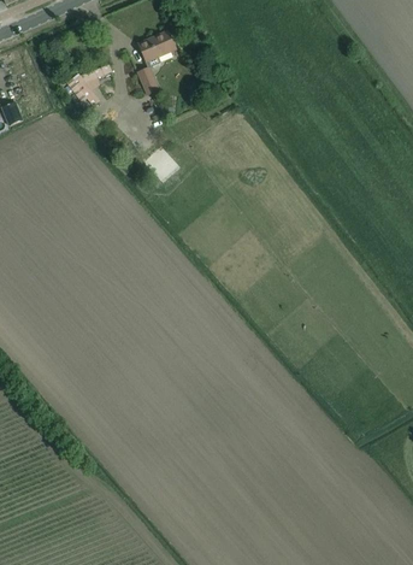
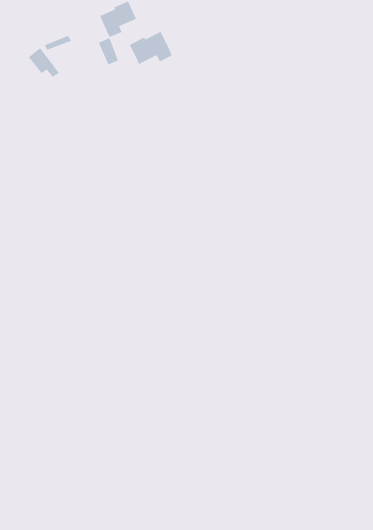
building: none -> [129,31,173,65]

